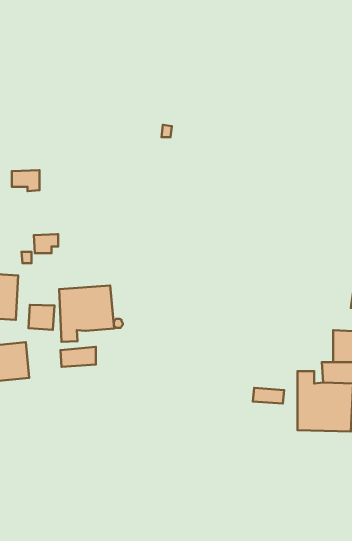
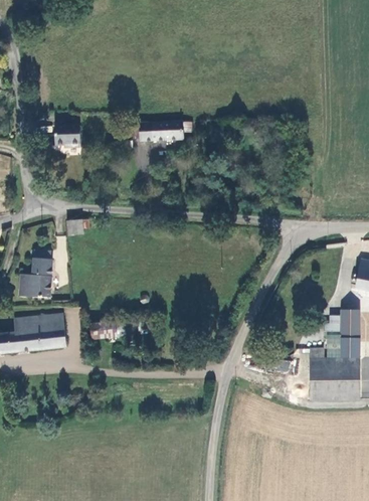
building: none -> [139,125,182,142]
building: [12,170,40,191] -> [52,129,77,148]
building: [59,286,114,342] -> none
building: [29,305,54,330] -> none

